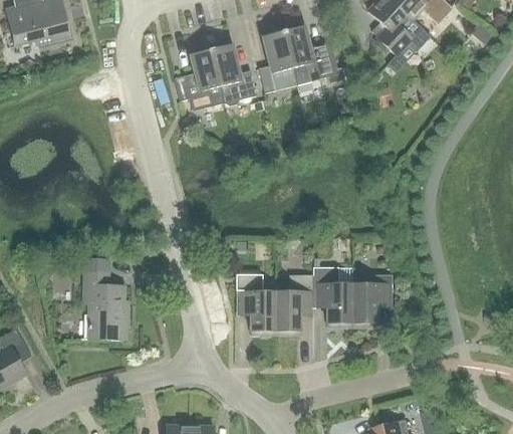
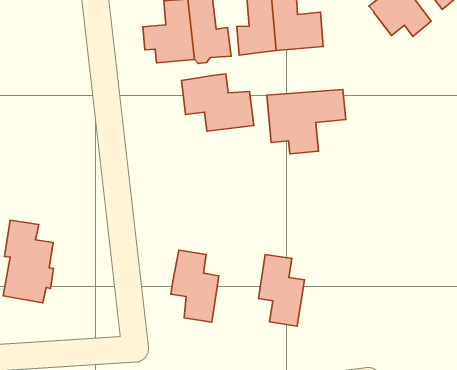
building: none -> [267,90,346,154]
building: none -> [181,74,254,131]
building: [276,266,314,334] -> none
building: [352,274,392,327] -> none

